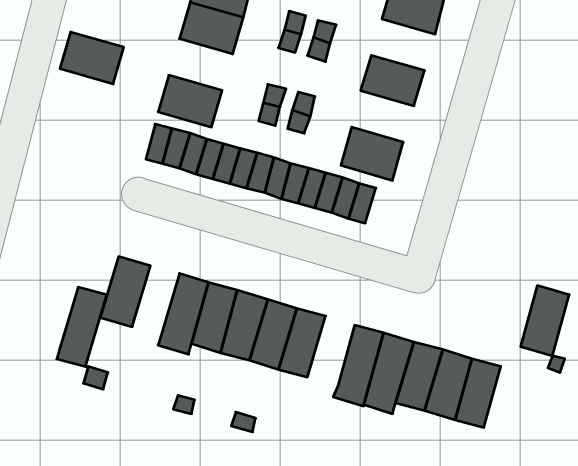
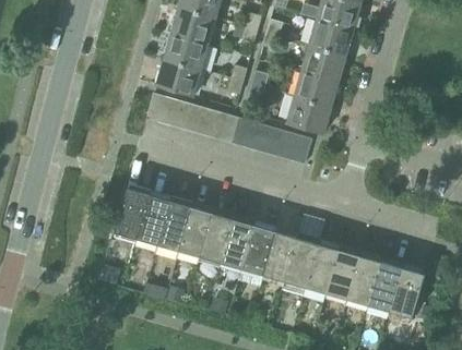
building: none -> [308,19,354,56]
building: [60,32,124,84] -> [163,33,209,70]
building: none -> [294,70,339,107]
building: [521,286,569,356] -> [389,267,424,317]
building: [57,287,107,367] -> [134,195,170,252]
building: none -> [262,231,296,281]

